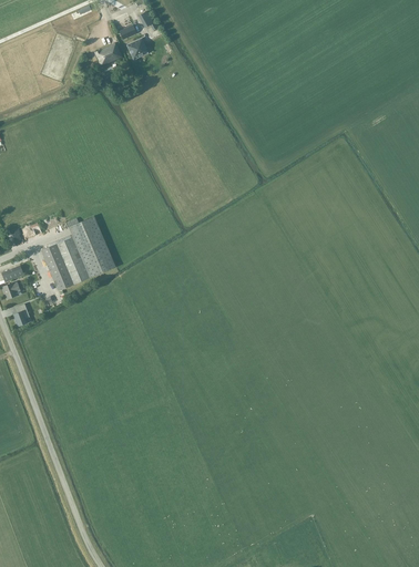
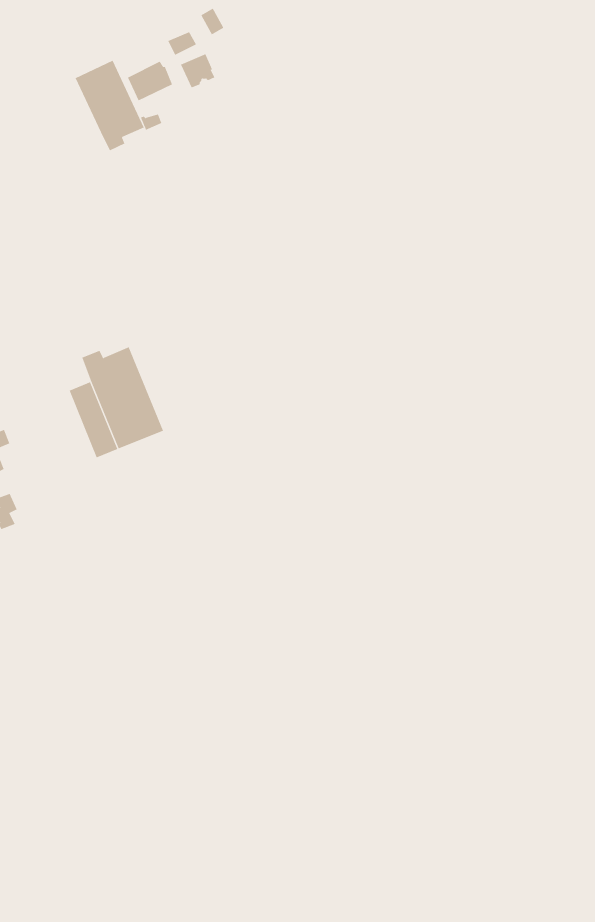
building: none -> [75,60,144,151]
building: [40,243,74,291] -> none

